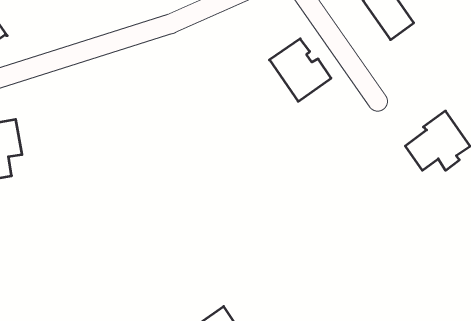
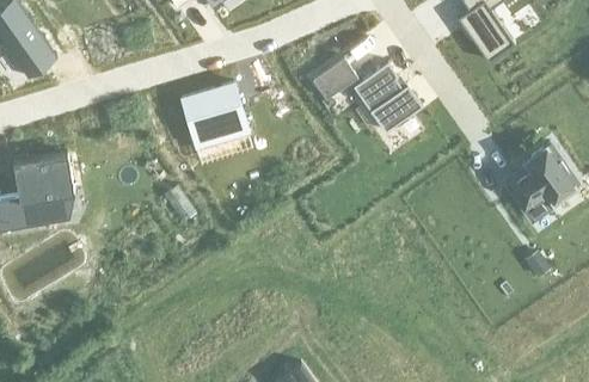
building: none -> [311,56,357,99]
building: none -> [180,84,249,148]

